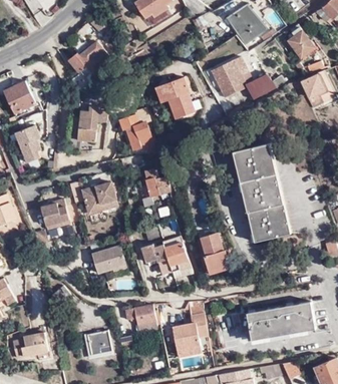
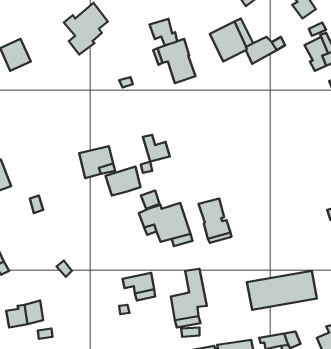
building: none -> [150,19,177,46]
building: [77,108,107,143] -> none
building: [14,120,44,160] -> none
building: [126,123,153,150] -> none
building: [233,143,290,242] -> none
building: [40,197,69,224] -> none
building: [89,245,123,273] -> [106,167,141,195]
building: [87,332,112,357] -> none

